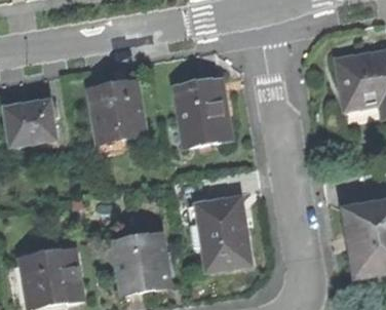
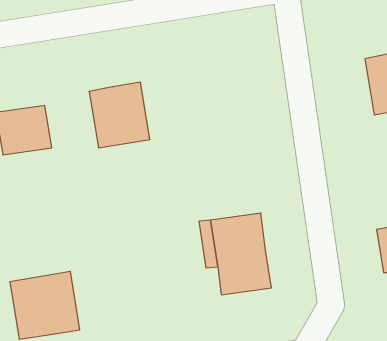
building: [176,78,231,145] -> none
building: [115,231,170,290] -> none

